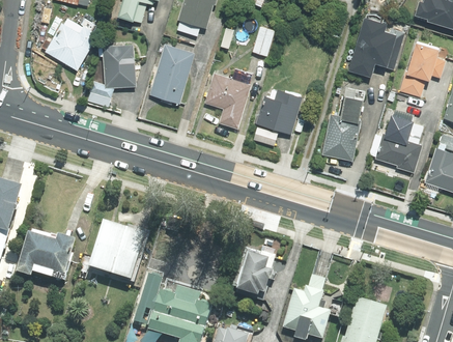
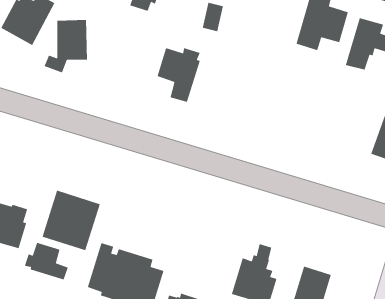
building: [149,45,194,105] -> none
building: [321,77,365,162] -> none
building: [252,88,303,146] -> none
building: [376,115,422,173] -> none
building: [231,245,276,300] -> none
building: none -> [24,242,69,281]

